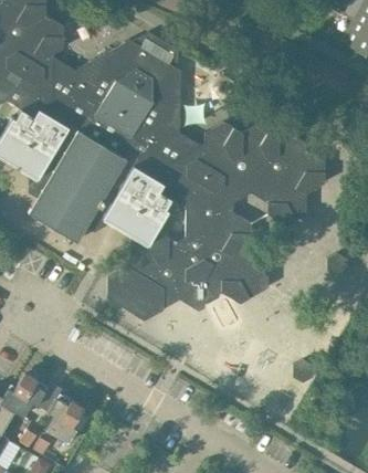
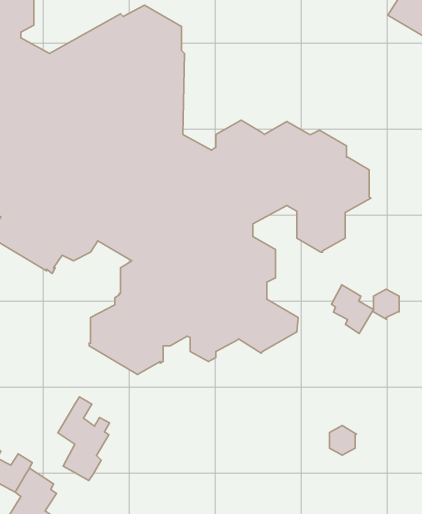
building: none -> [331,285,374,334]
building: none -> [58,397,110,481]

